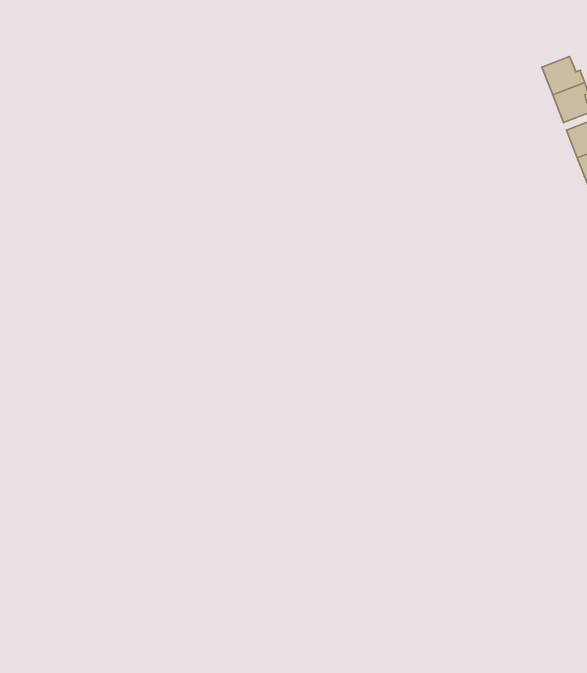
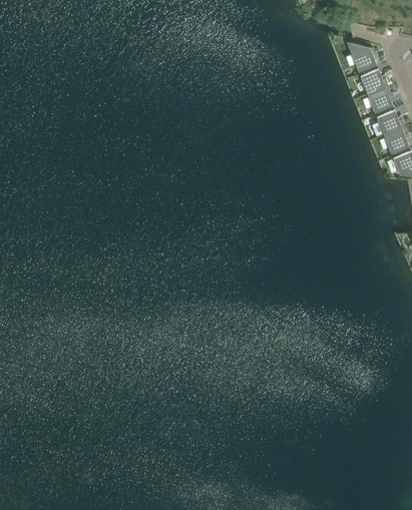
building: none -> [346,42,376,71]

